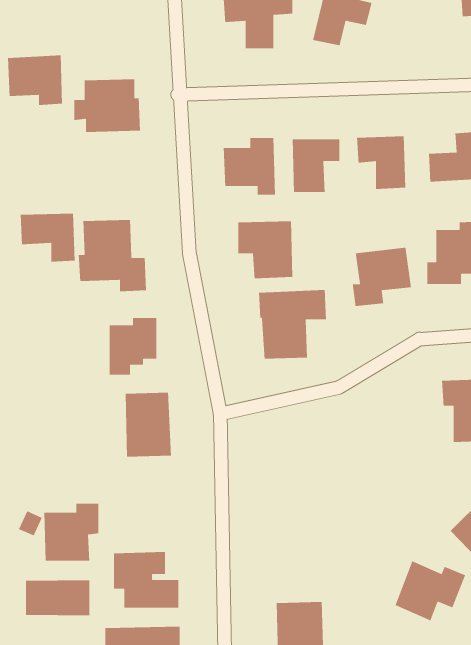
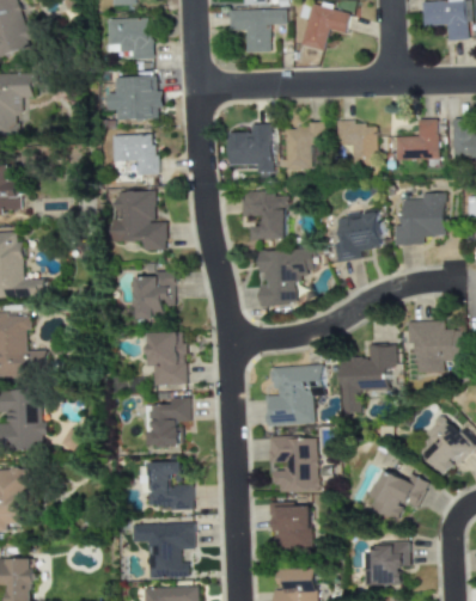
building: [7,54,63,106] -> [105,17,151,59]
building: [20,213,75,263] -> [110,134,155,174]
building: none -> [341,343,395,412]
building: none -> [266,364,323,425]
building: [43,503,99,561] -> [145,397,190,444]
building: none -> [269,435,317,491]
building: [25,580,90,616] -> none

